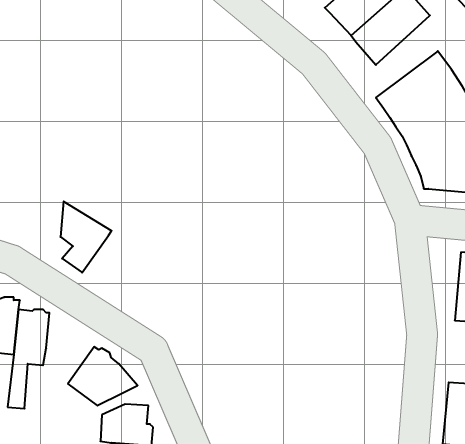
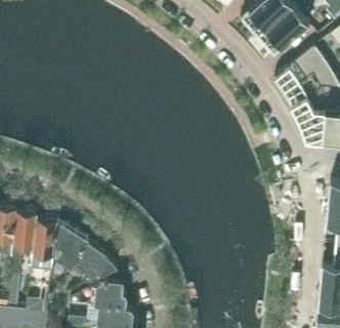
building: [60,201,112,273] -> [55,223,89,271]

